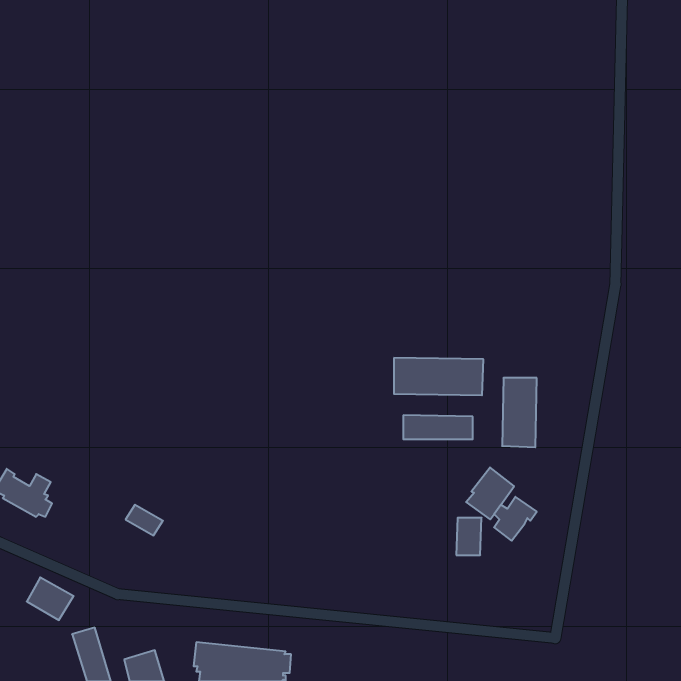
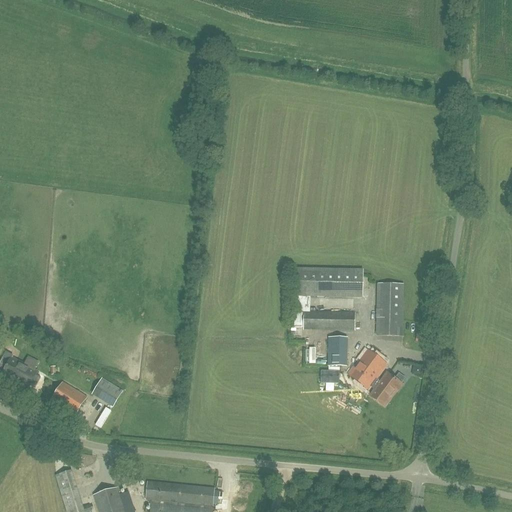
building: [456,518,482,555] -> [327,337,346,365]
building: [27,577,74,620] -> [51,382,86,414]

